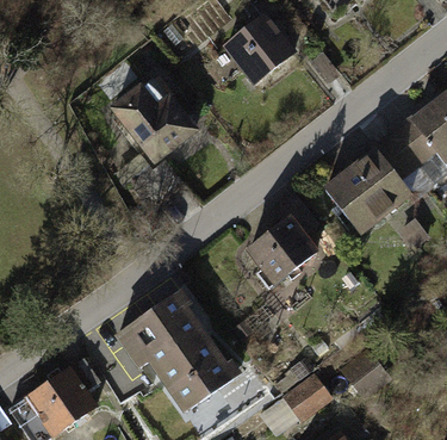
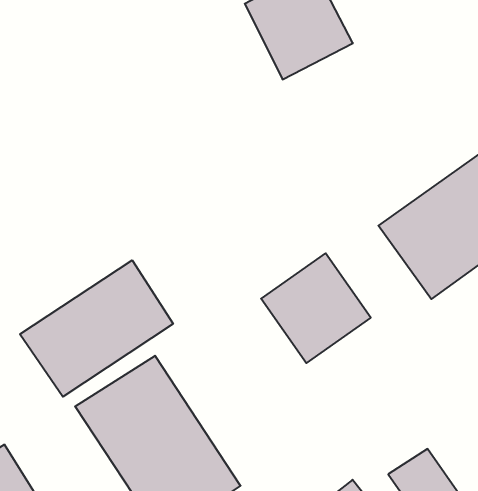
building: [95,66,190,161] -> none
building: none -> [20,260,173,397]

